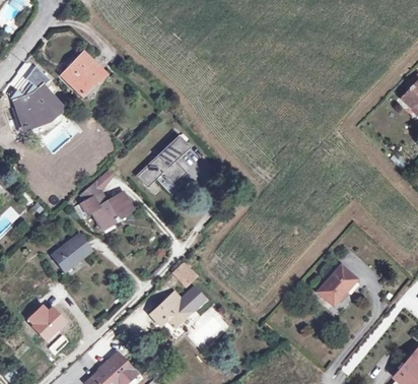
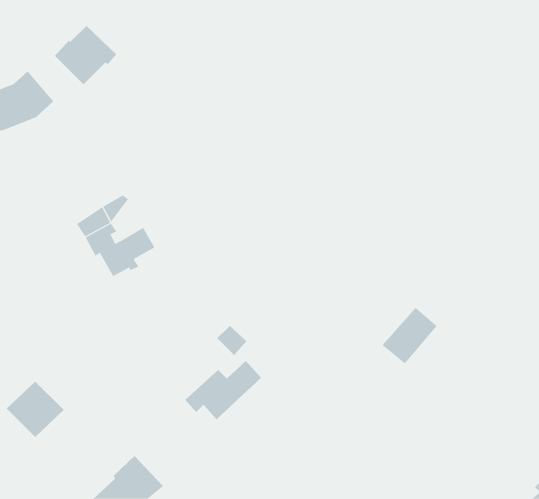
building: [137,136,190,187] -> none
building: [52,234,91,271] -> none
building: [318,266,356,306] -> [382,307,437,364]

